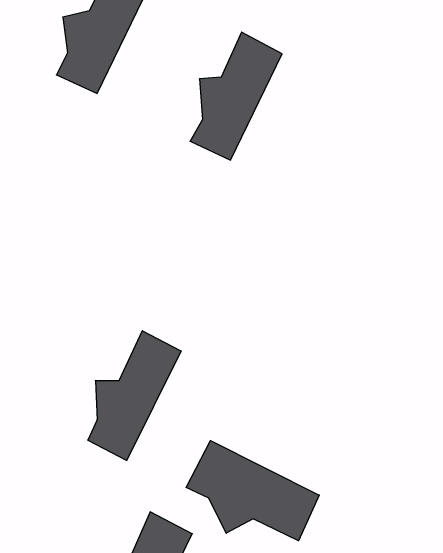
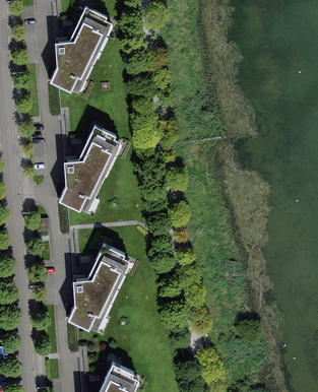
building: [190,32,282,160] -> [58,131,118,214]
building: [186,441,319,541] -> none

